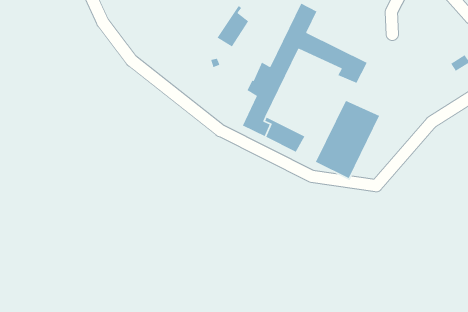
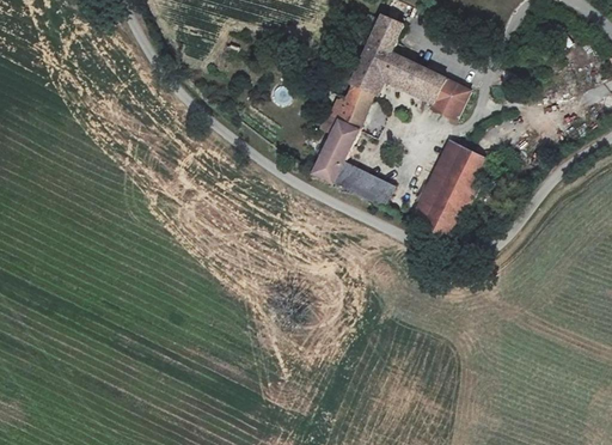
building: [216,5,249,47] -> none

